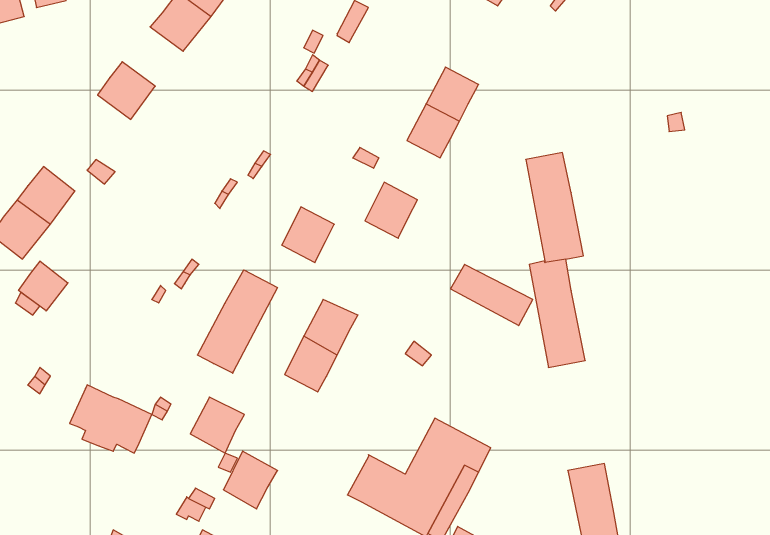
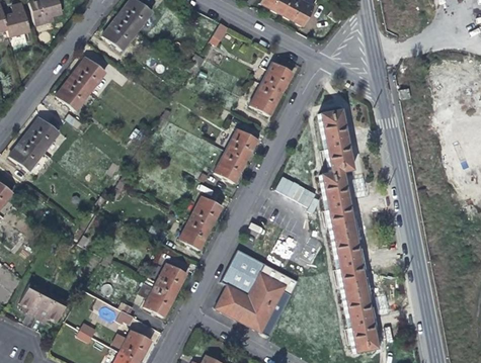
building: none -> [56,77,91,111]
building: [282,207,334,263] -> [216,150,246,182]
building: [19,261,68,311] -> none
building: [197,270,277,373] -> none
building: none -> [333,231,366,294]
building: [70,385,152,453] -> [21,282,69,322]
building: none -> [222,249,267,296]
building: [190,397,244,453] -> [156,262,187,294]

